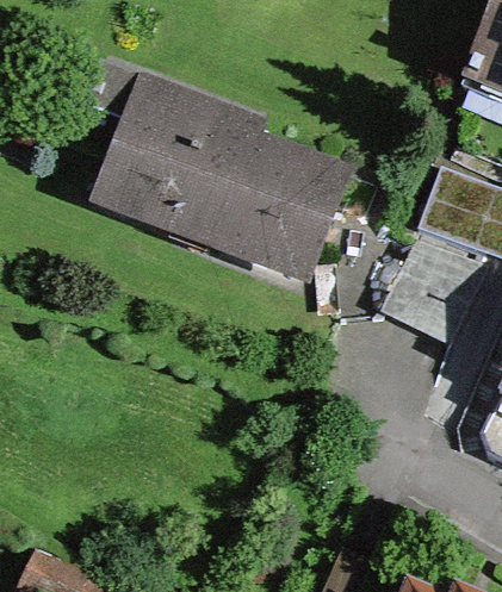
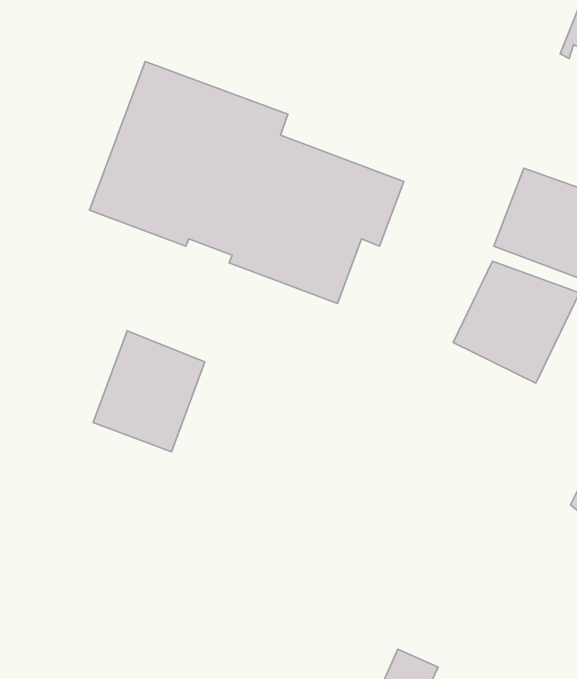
building: none -> [93,331,205,452]

